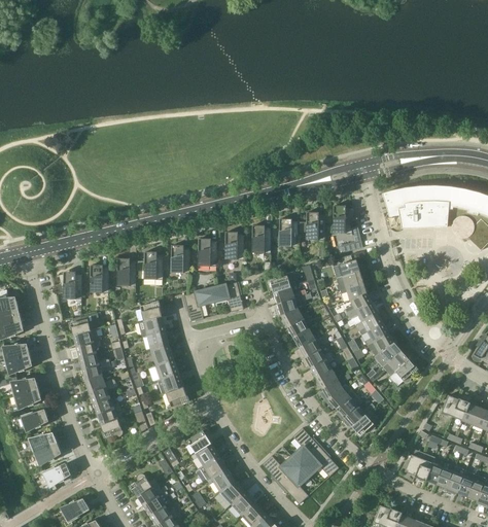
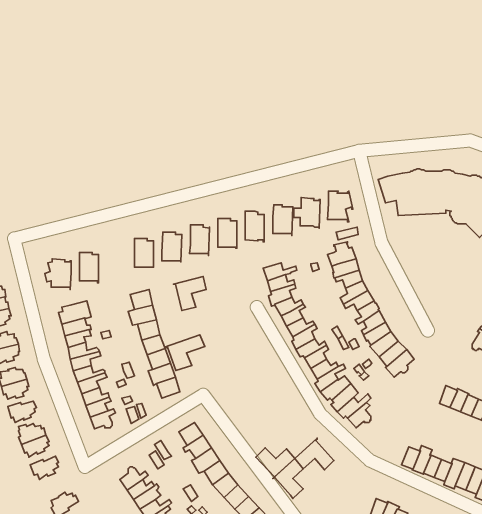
building: [117,258,136,287] -> none
building: [211,281,244,312] -> none
building: none -> [165,335,205,371]
building: [292,427,322,465] -> none

